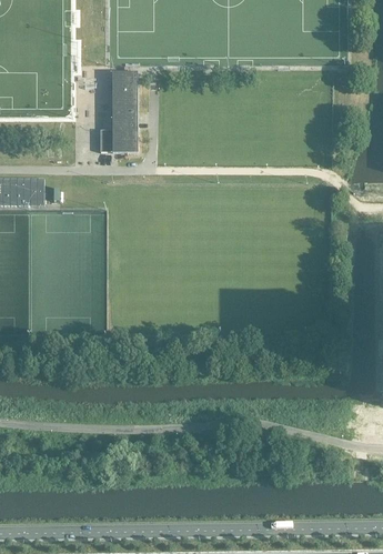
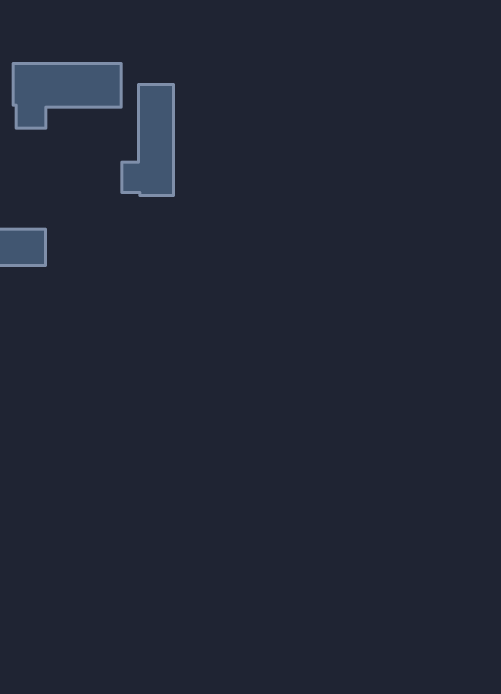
building: none -> [13,64,121,128]

